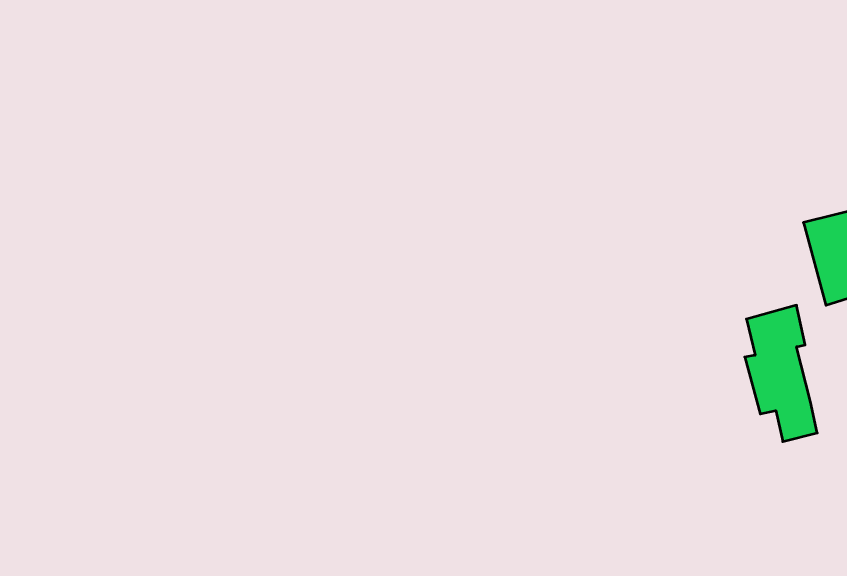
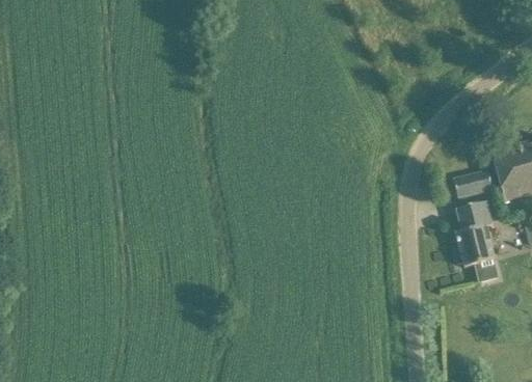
building: none -> [453,171,491,198]

